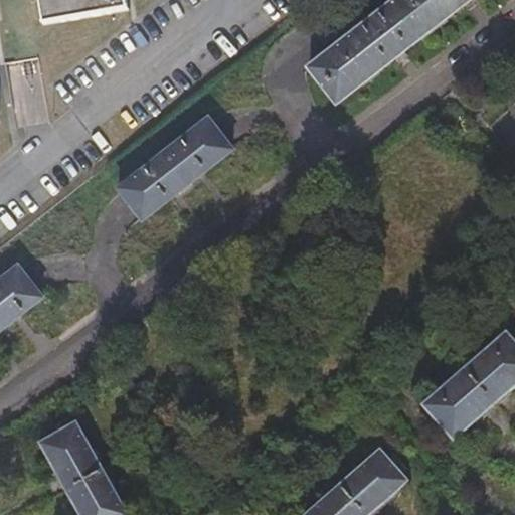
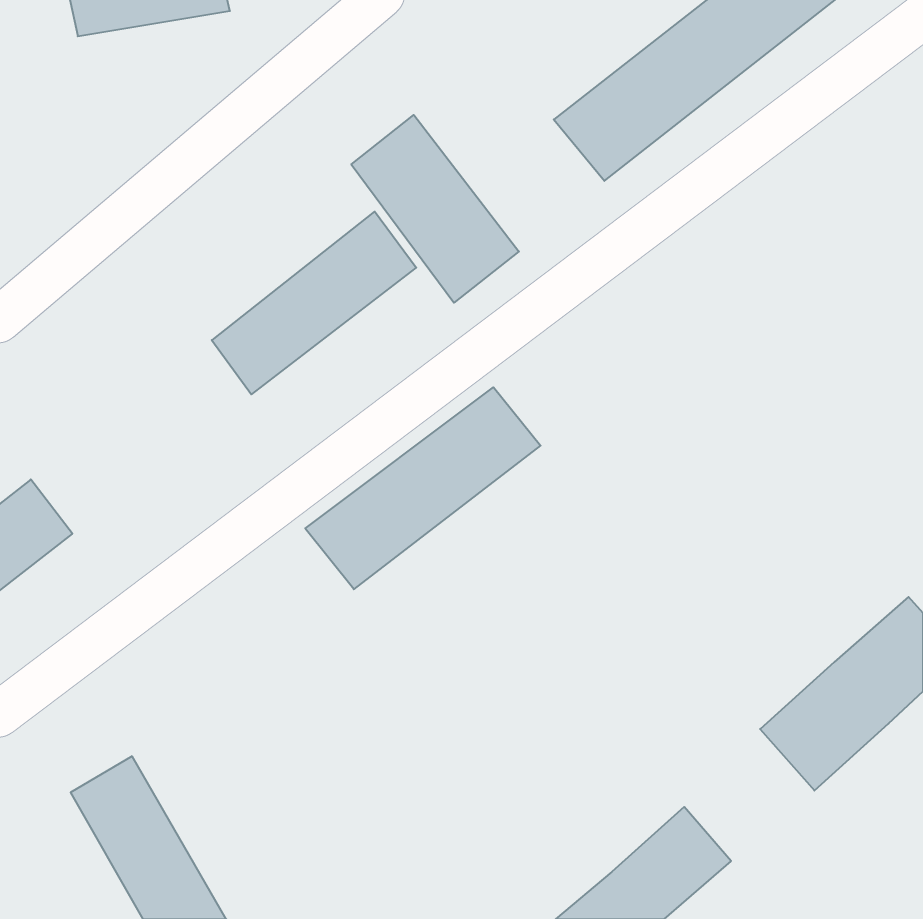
building: none -> [351,115,519,303]
building: none -> [305,387,541,589]

